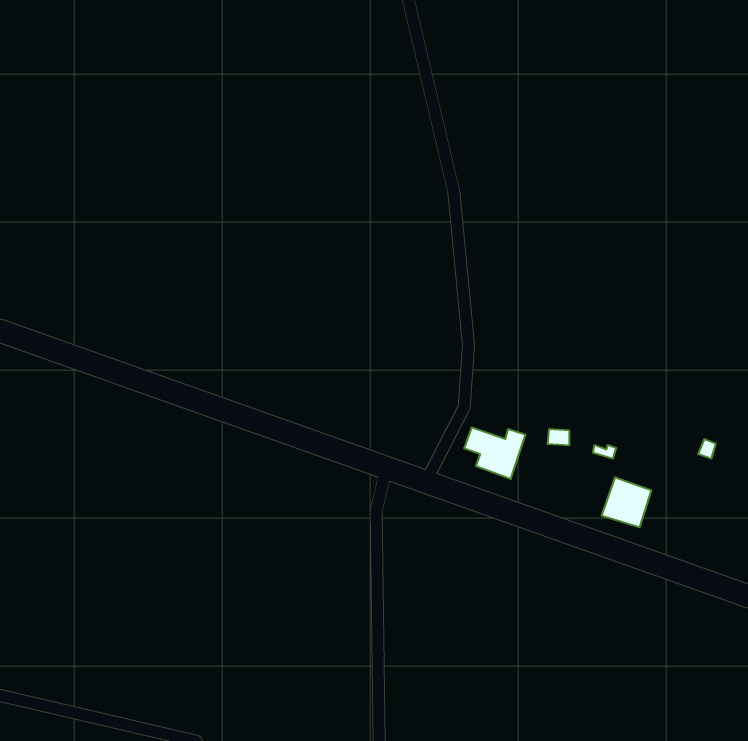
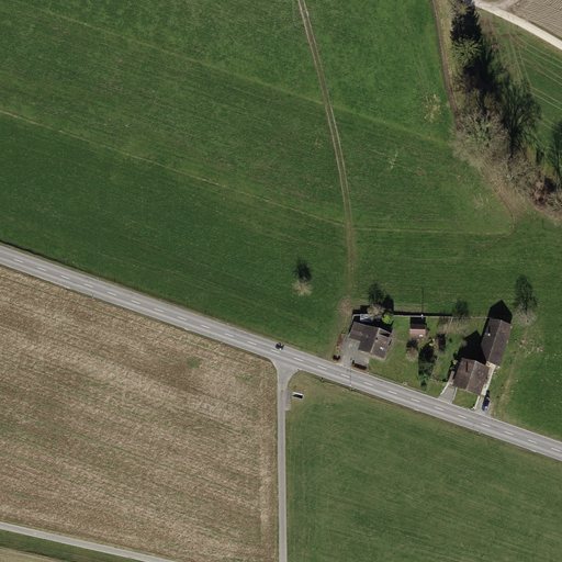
building: none -> [479,317,514,363]

